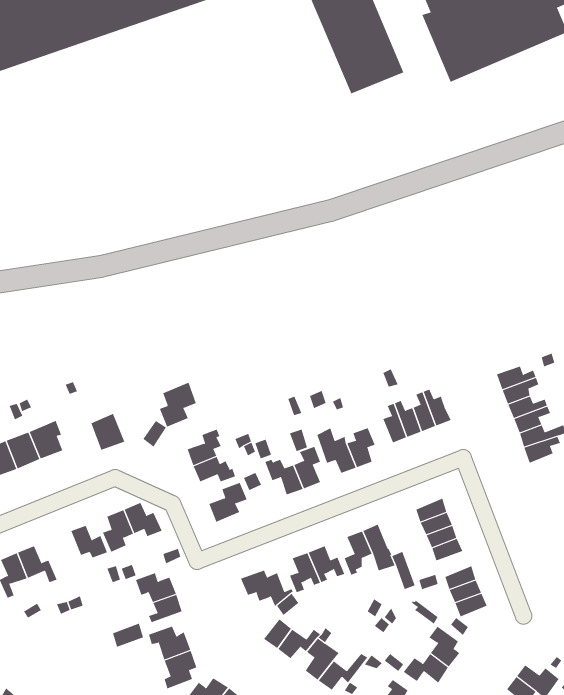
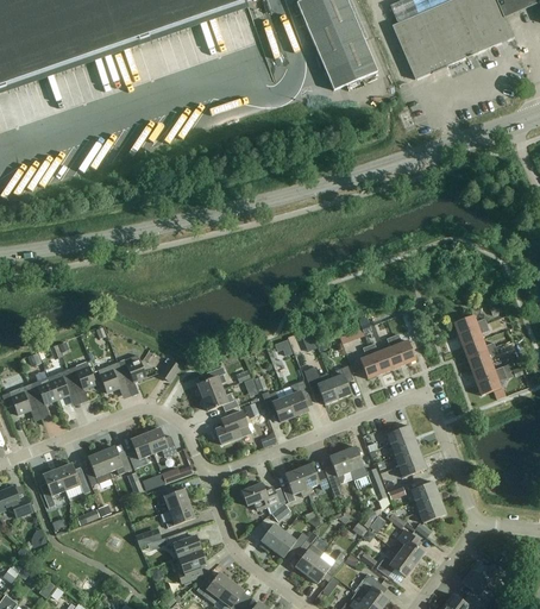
building: [159,382,197,427] -> none
building: none -> [98,362,126,393]
building: none -> [86,451,112,485]

